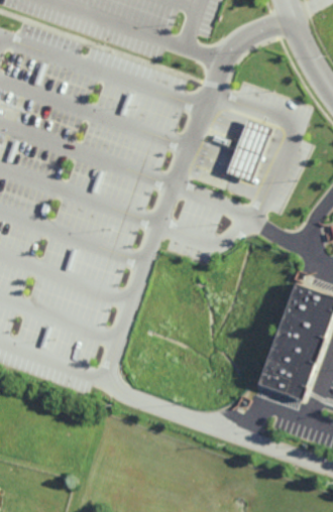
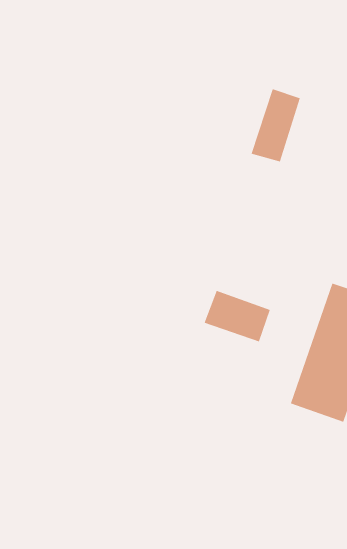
building: none -> [204,290,271,343]

